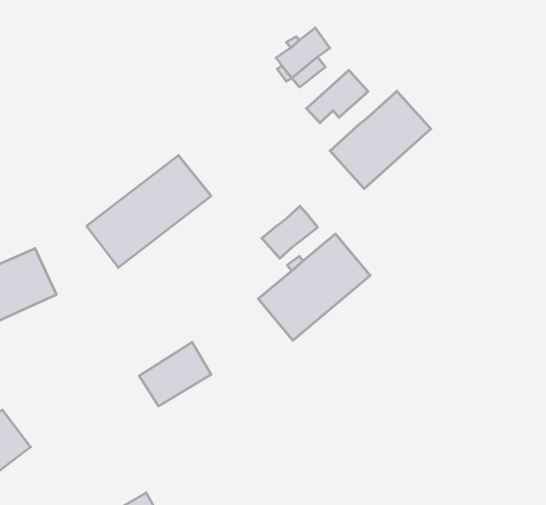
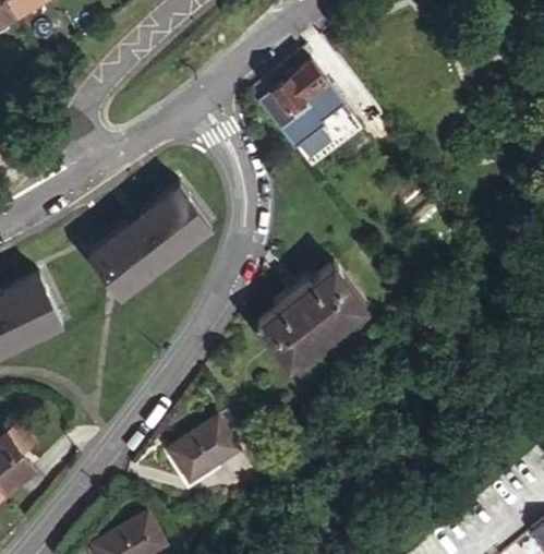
building: [330,91,431,189] -> none
building: [262,206,318,258] -> none
building: [139,342,211,406] -> [166,419,235,481]

